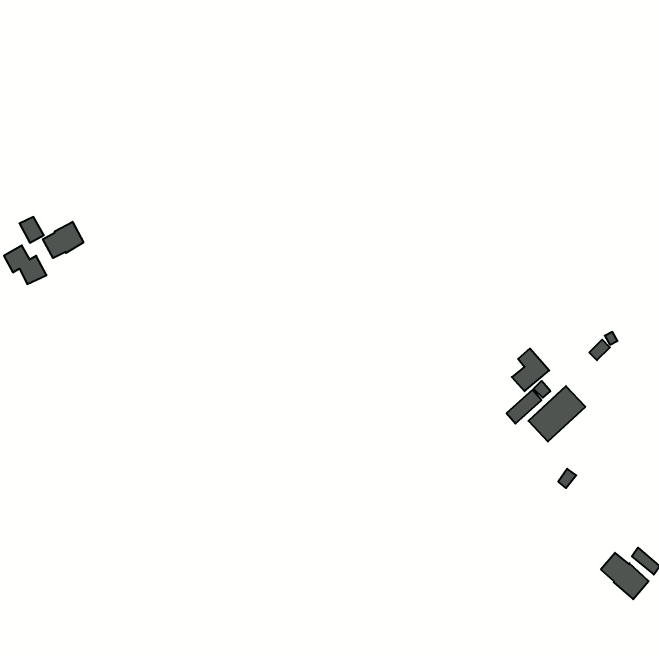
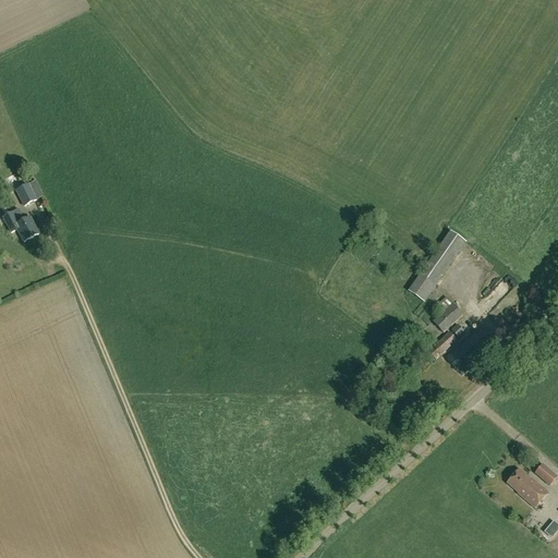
building: [43,222,83,258] -> none
building: none -> [409,229,465,299]

